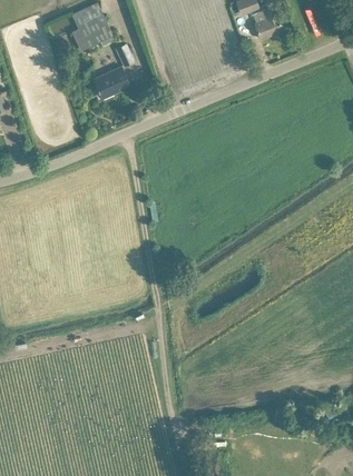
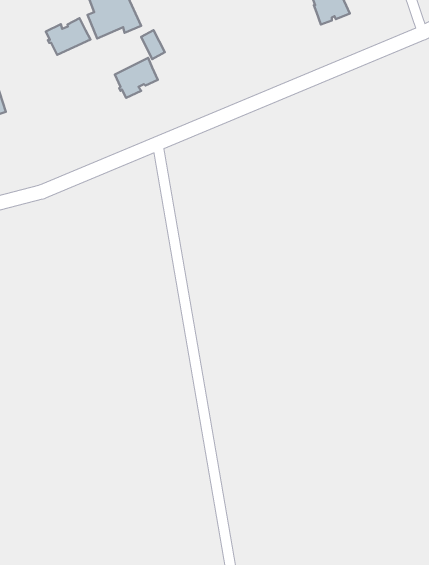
building: none -> [46,18,91,55]

